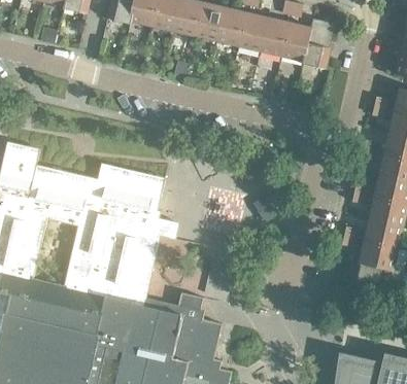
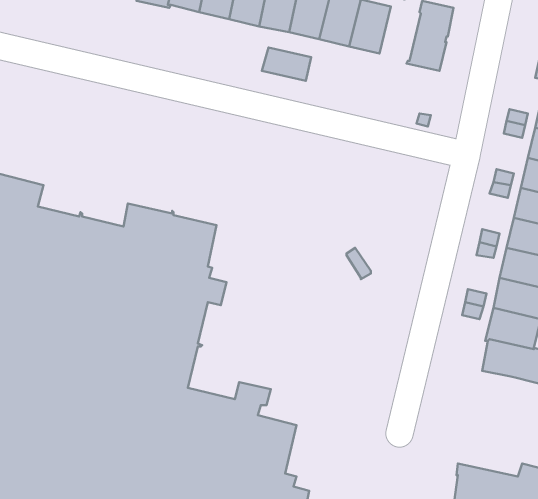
building: [282,22,312,61] -> none
building: none -> [262,48,311,81]

